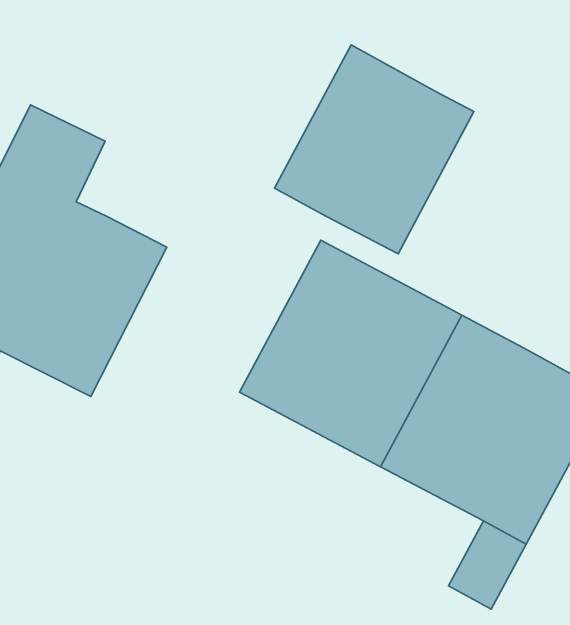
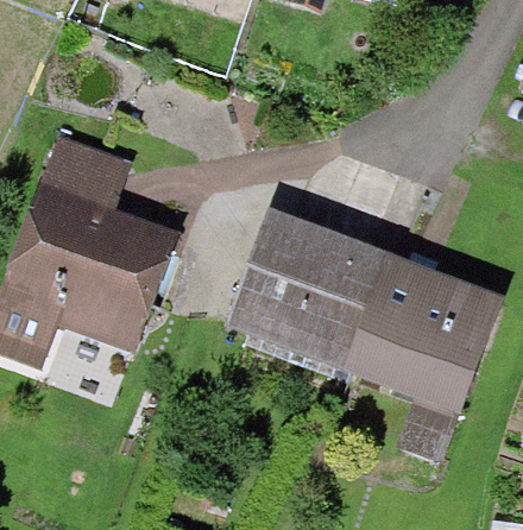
building: [274,45,474,254] -> none

